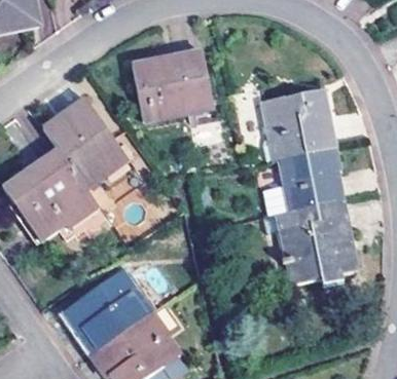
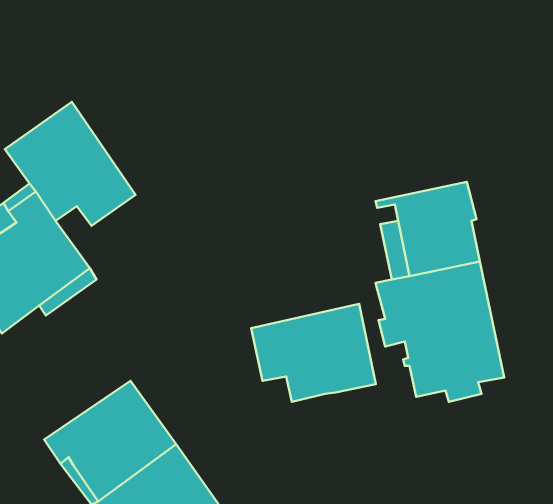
building: [132,50,210,120] -> none
building: [258,88,333,161] -> none
building: none -> [251,304,376,402]

